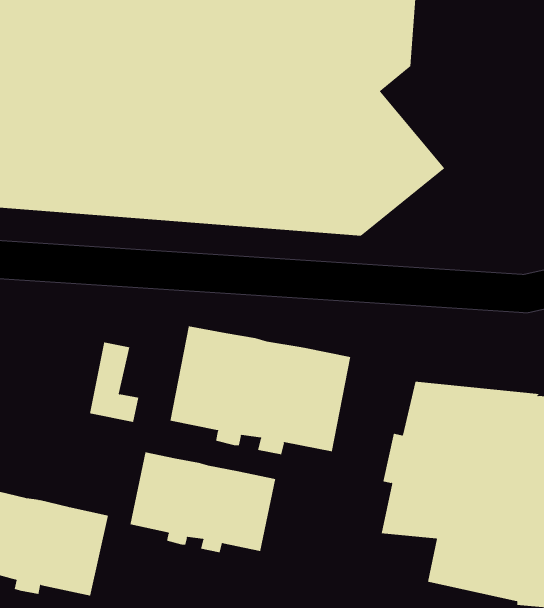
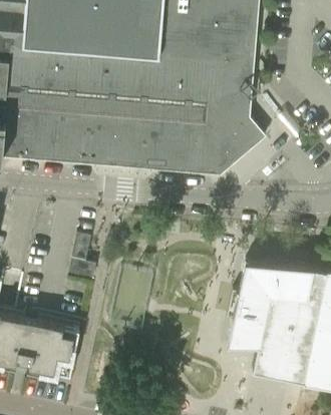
building: [170,325,351,455] -> none
building: [130,452,276,553] -> none

